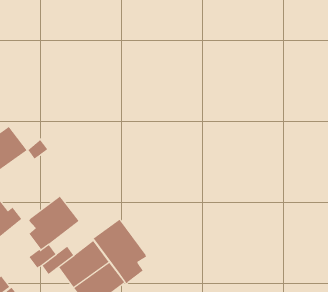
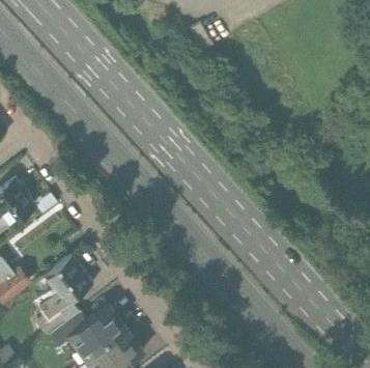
building: [93,219,147,284] -> none

